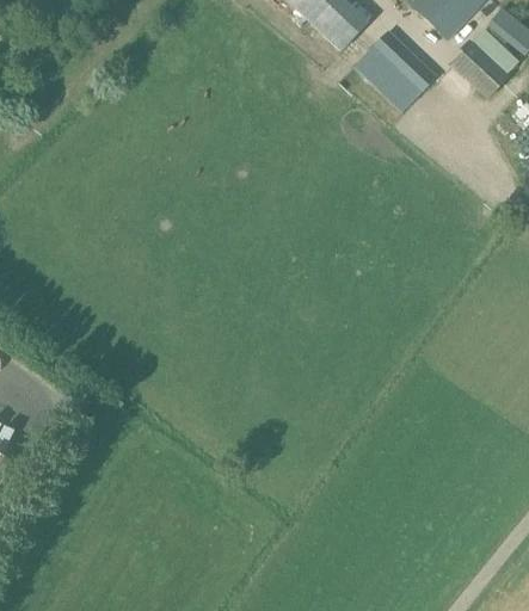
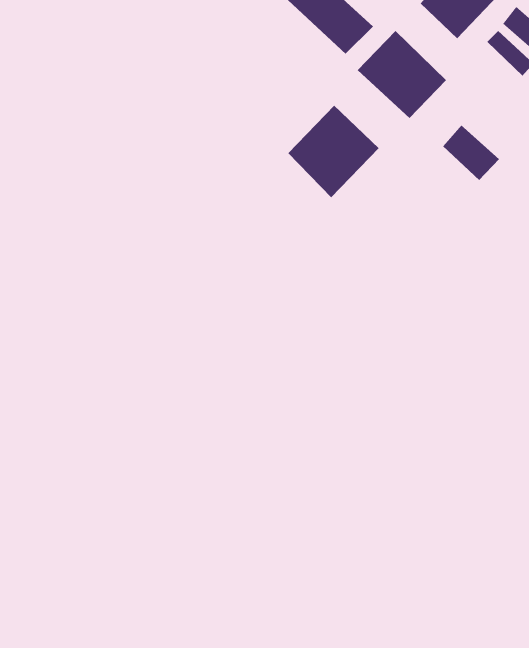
building: [453,43,506,95] -> [442,124,500,181]
building: none -> [288,105,379,198]

